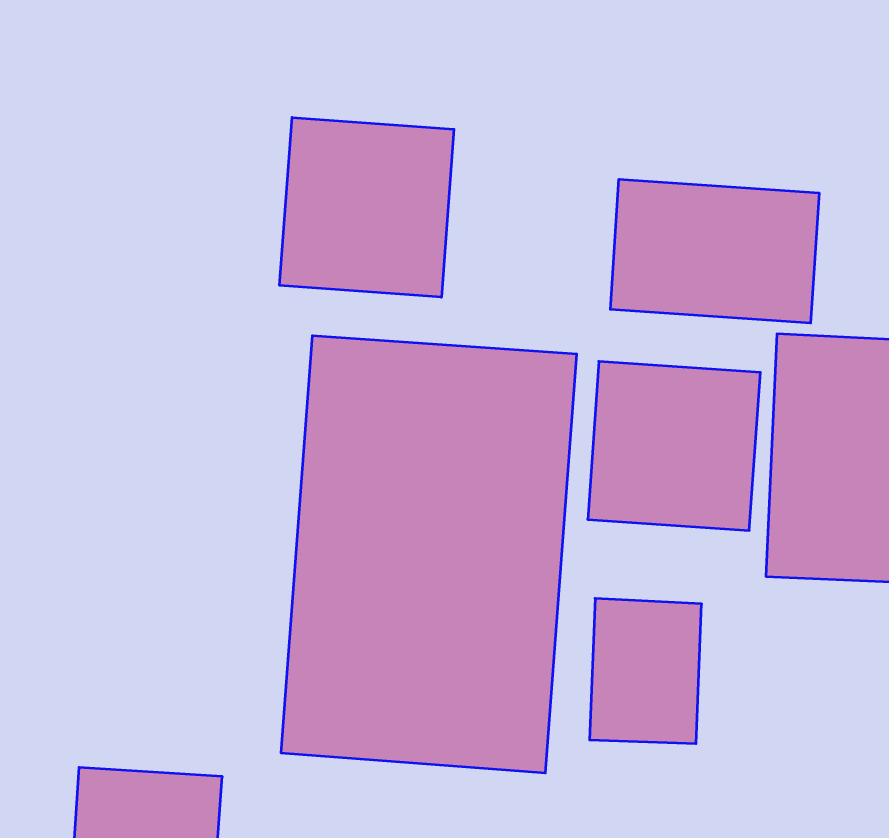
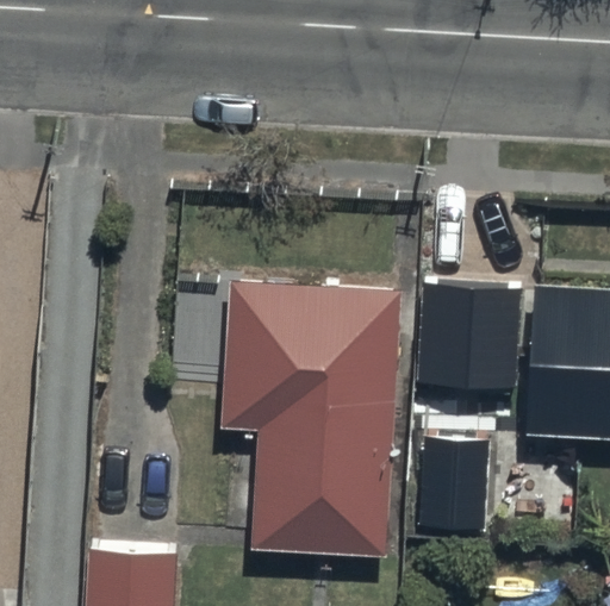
building: [280,117,454,297] -> none
building: [610,179,819,323] -> none

